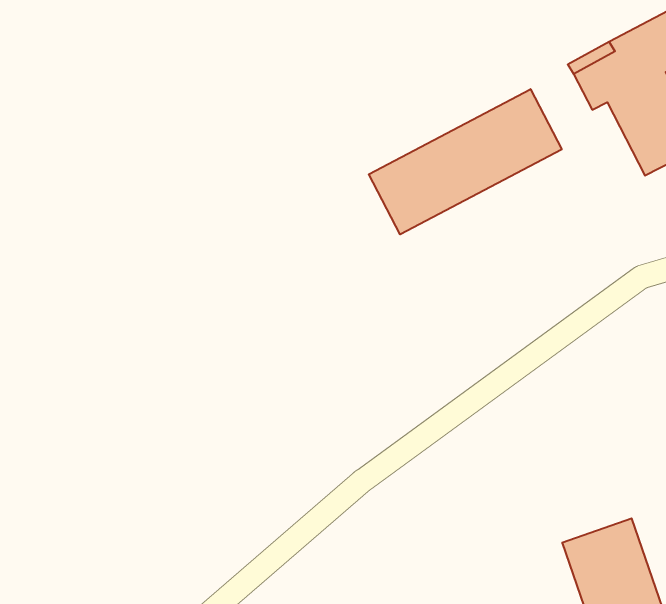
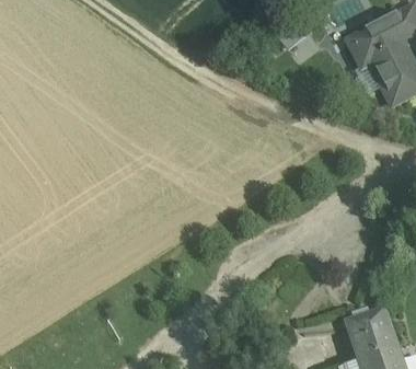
building: [369,89,562,234] -> none

